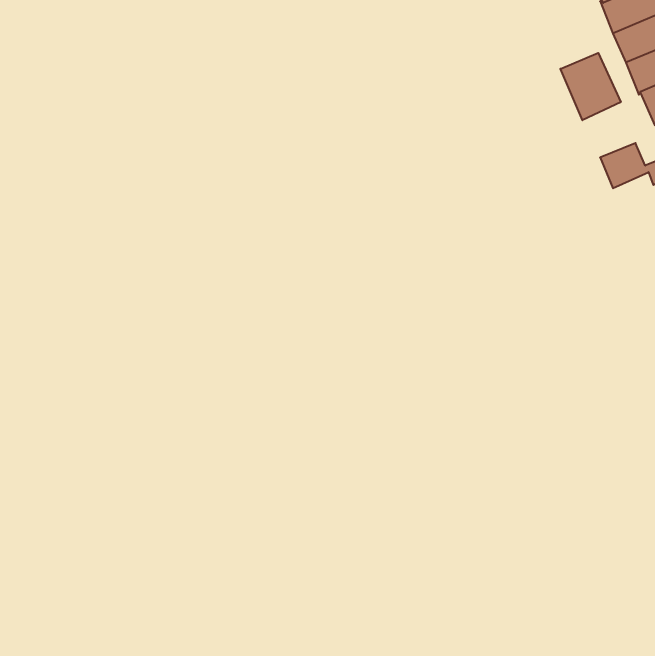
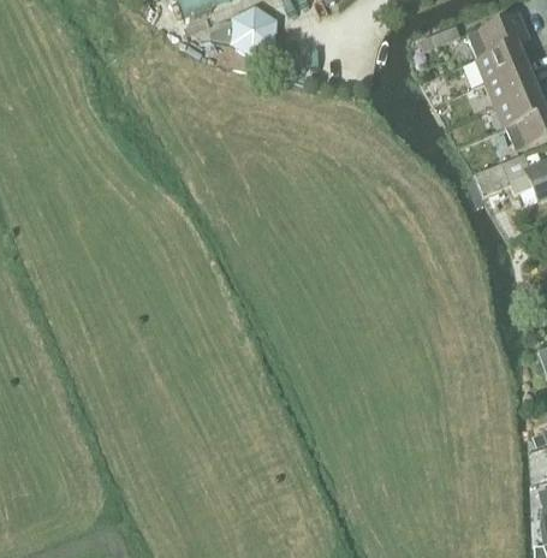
building: [560,53,621,120] -> none

